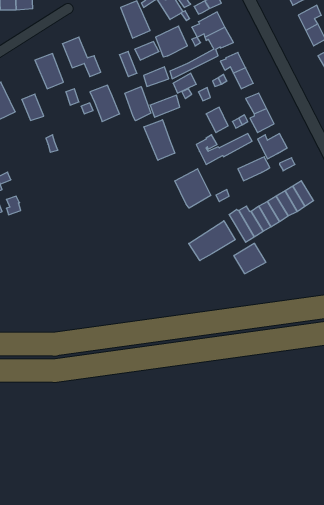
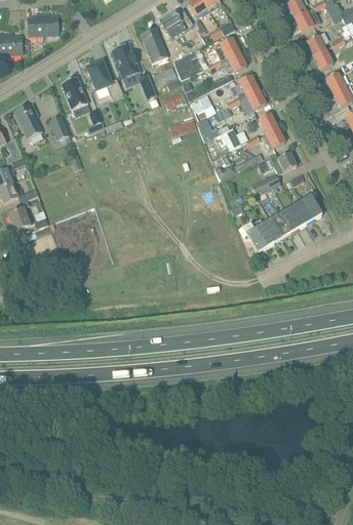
building: [90,85,120,122] -> [113,44,141,78]
building: [125,87,151,121] -> none
building: [144,120,175,160] -> none
building: [175,169,211,208] -> none
building: [189,221,235,261] -> none
building: [234,243,266,274] -> none

